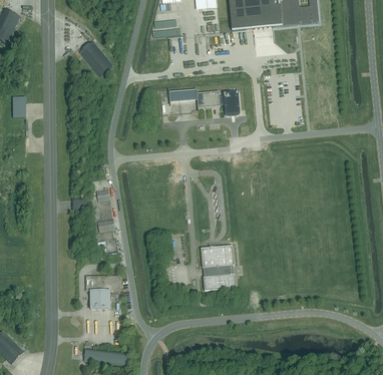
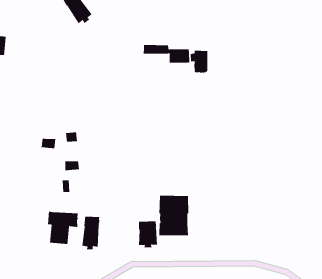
building: none -> [138,221,158,248]
building: none -> [82,216,101,250]

